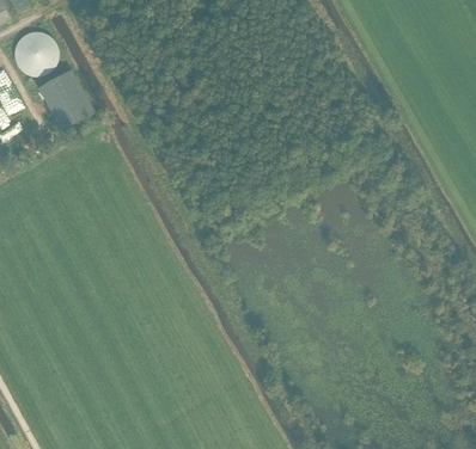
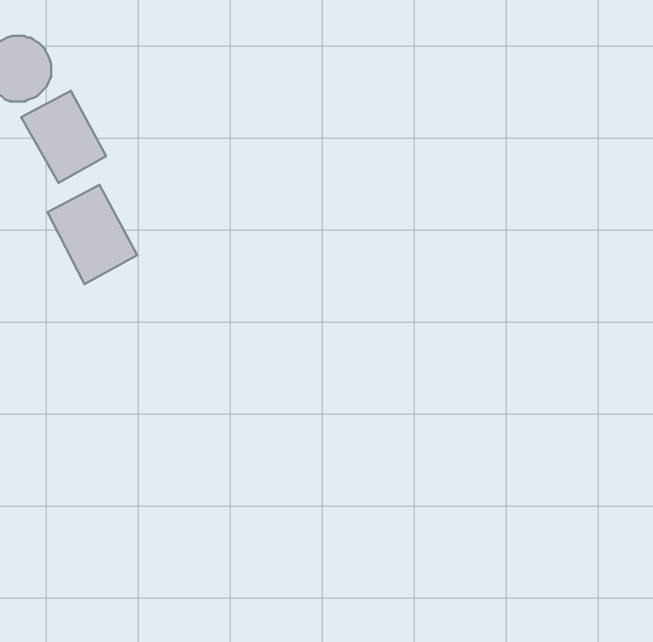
building: none -> [47,185,137,284]

